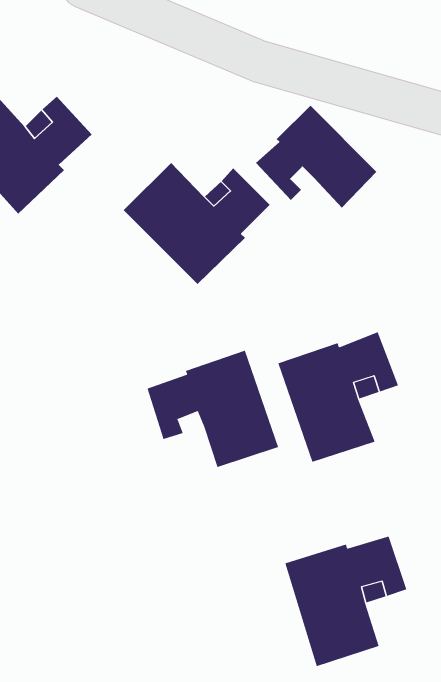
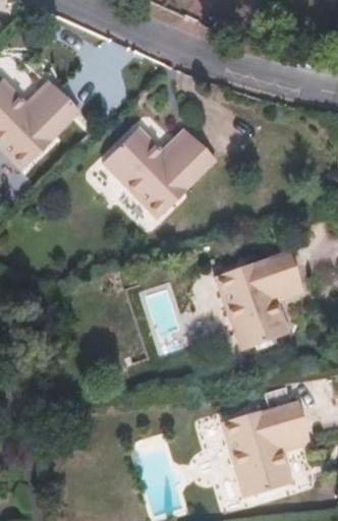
building: [255,105,377,208] -> none
building: [147,350,279,468] -> none

